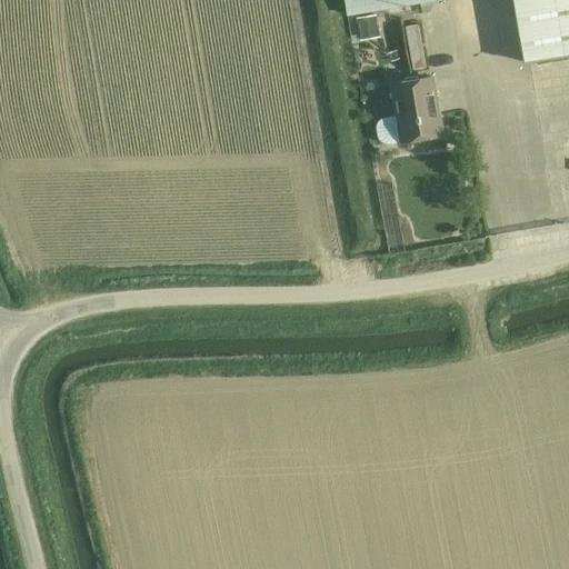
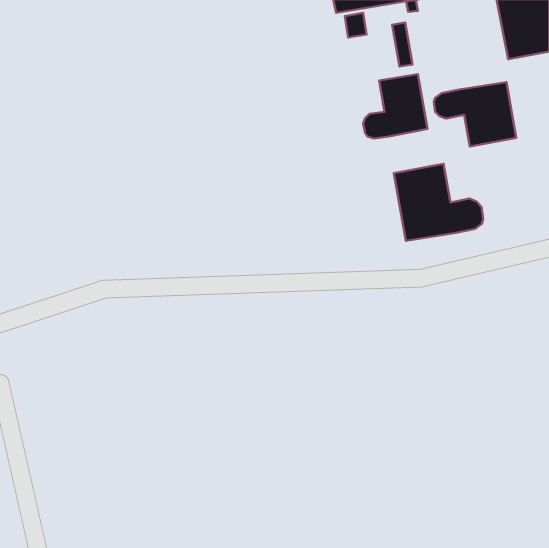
building: none -> [434,82,516,146]
building: none -> [394,164,483,241]

